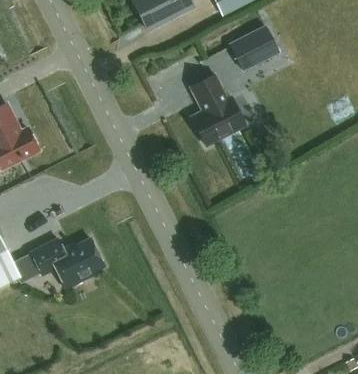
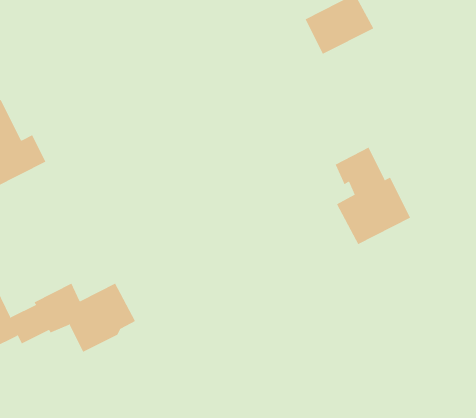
building: [189,74,245,146] -> [335,147,411,245]

